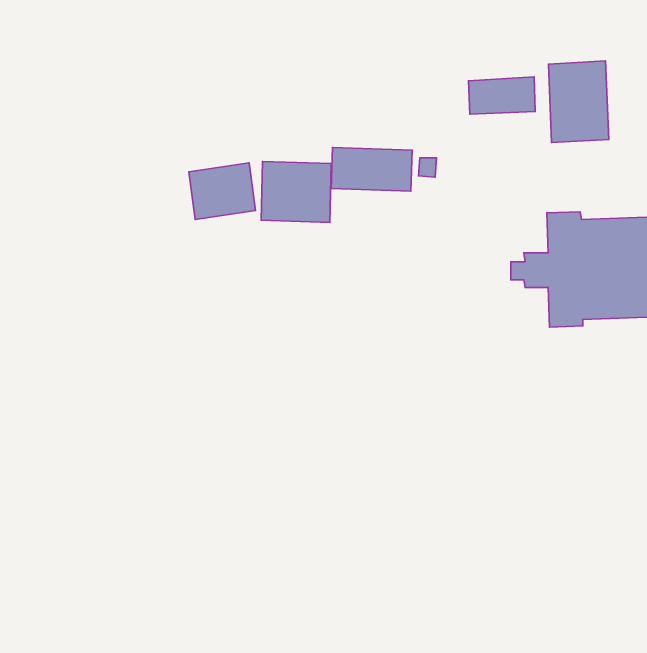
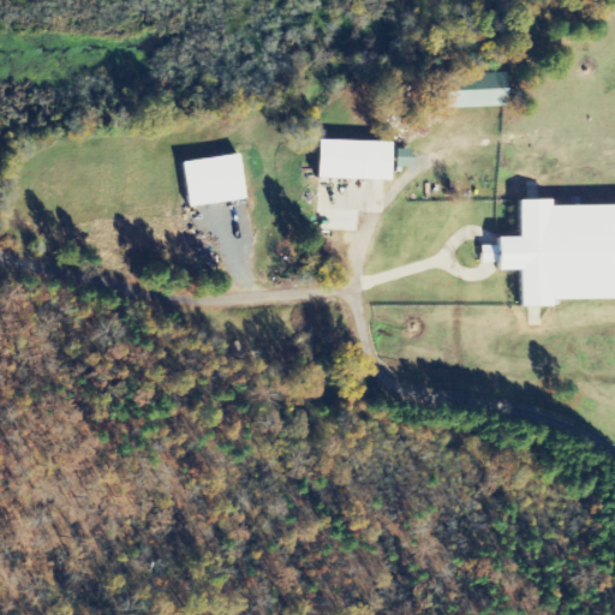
building: [548,61,609,143] -> none
building: [261,161,331,222] -> none

